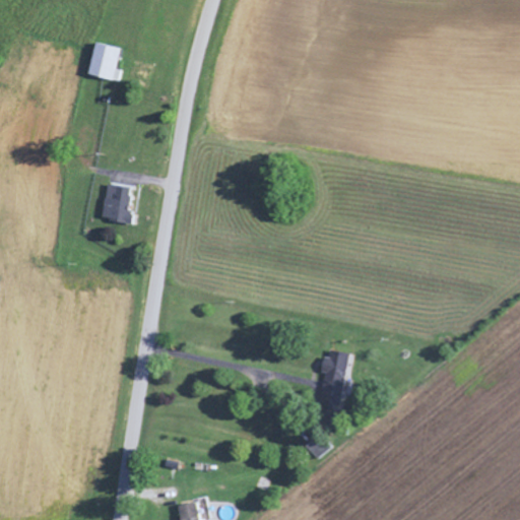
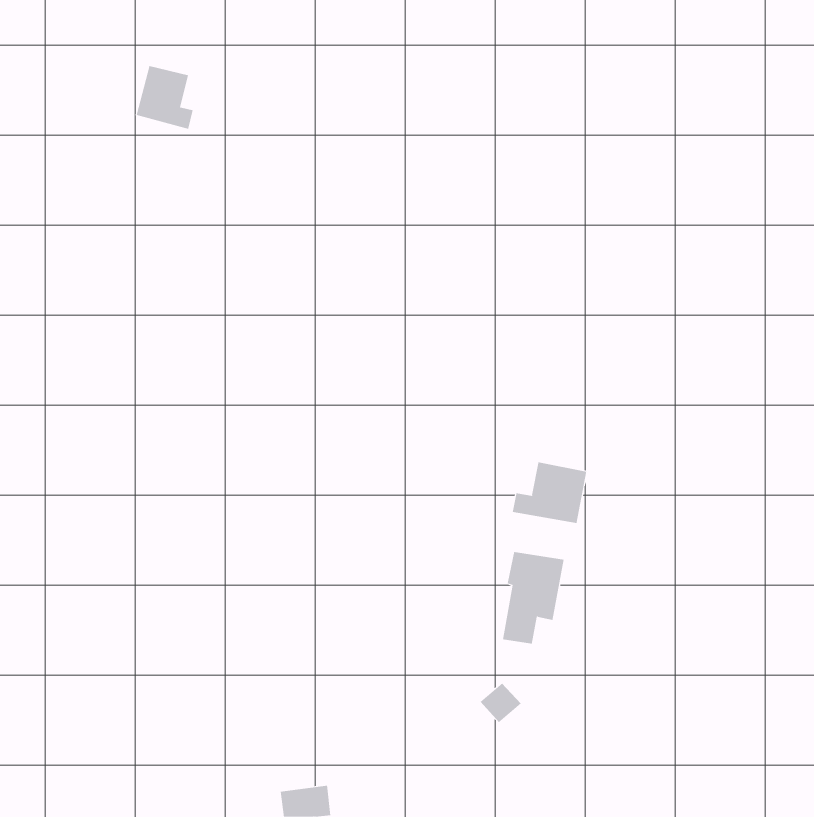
building: [103,184,132,222] -> none
building: none -> [512,461,587,524]

